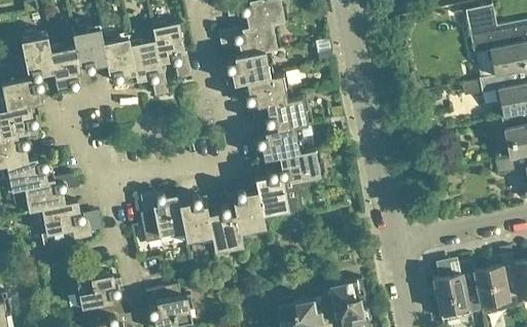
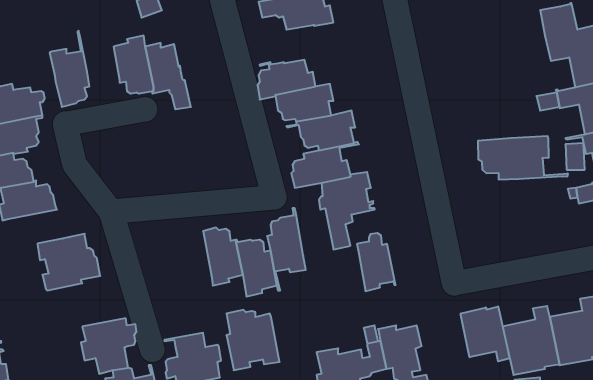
building: [149,22,189,79] -> none
building: [72,24,106,73] -> none
building: [217,24,281,57] -> none
building: [12,32,51,81] -> none
building: none -> [478,136,568,180]
building: [255,171,288,220] -> [357,233,396,291]
building: [10,174,78,213] -> none
building: [139,193,184,245] -> [226,310,280,370]
building: none -> [461,306,510,361]

